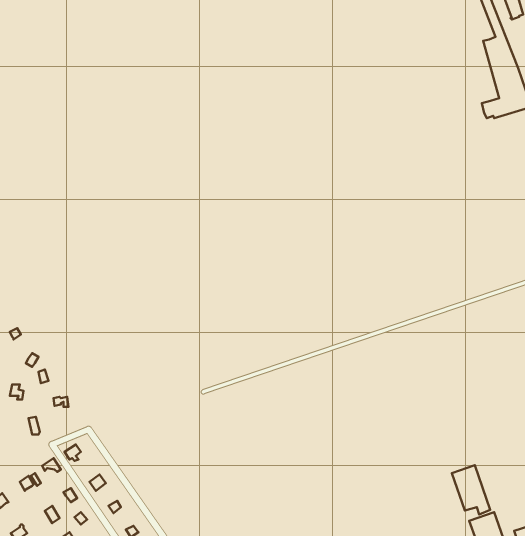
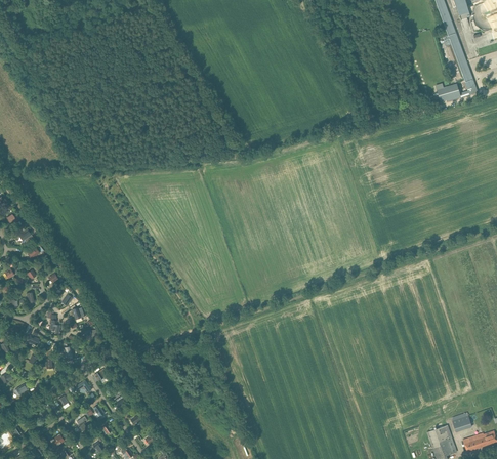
building: [452,465,490,514] -> none

